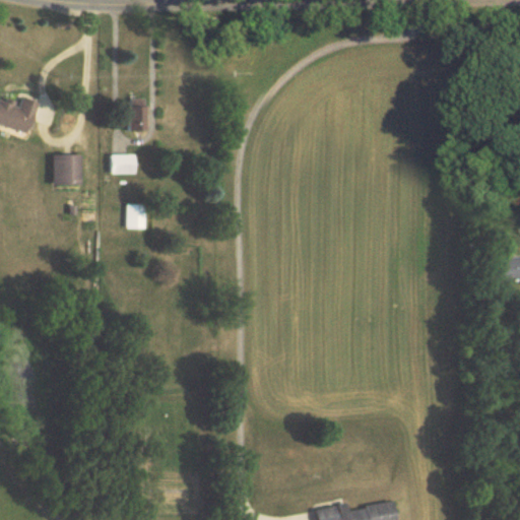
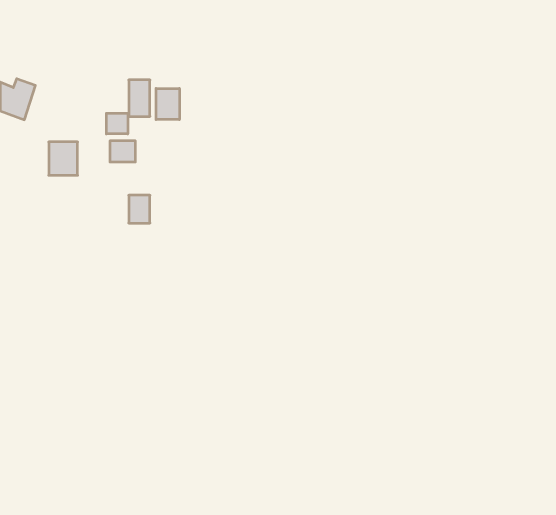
building: none -> [156,88,179,120]
building: none -> [106,113,128,134]

